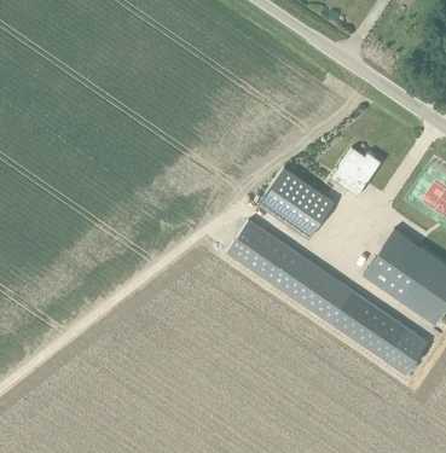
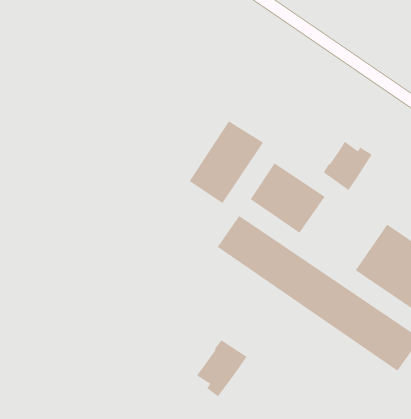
building: none -> [189,121,264,204]
building: none -> [196,340,247,398]

